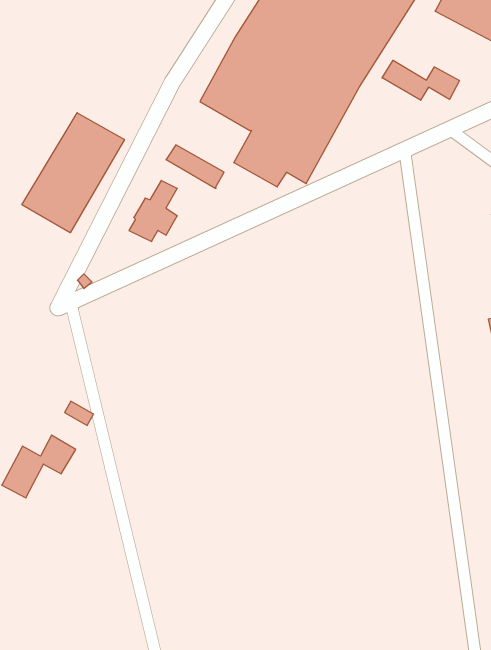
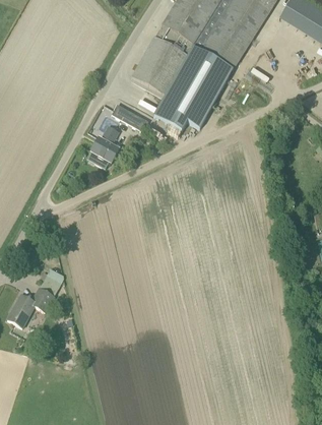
building: [382,60,459,100] -> none
building: [22,113,124,233] -> none

